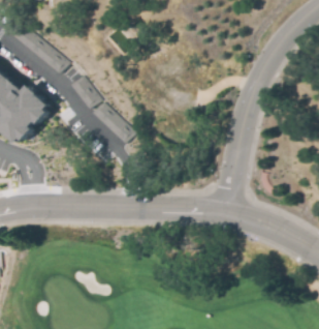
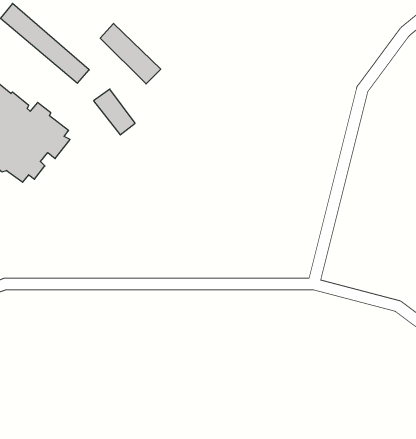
building: [90,100,132,143] -> [100,23,161,84]

